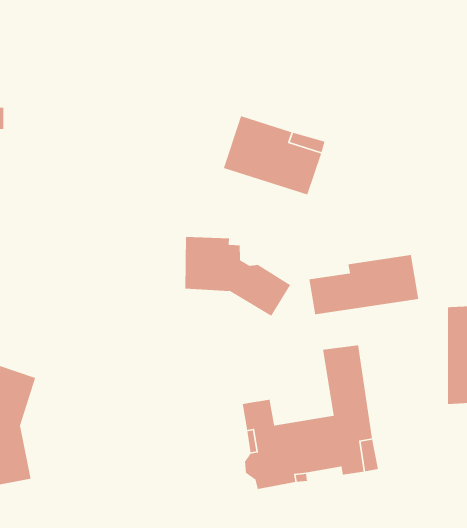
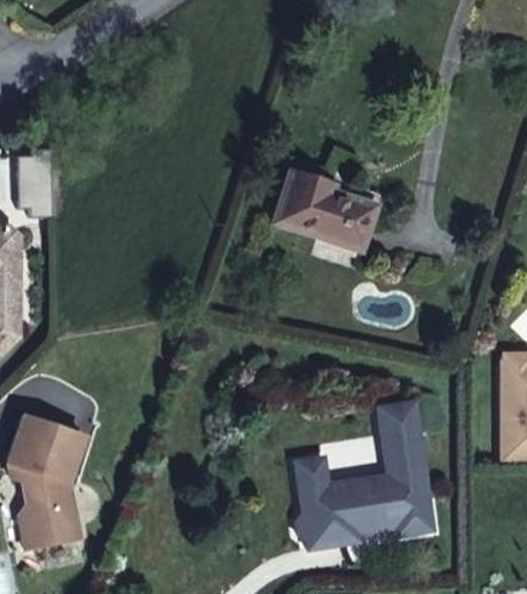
building: [184,236,291,317] -> none
building: [308,254,419,315] -> none

